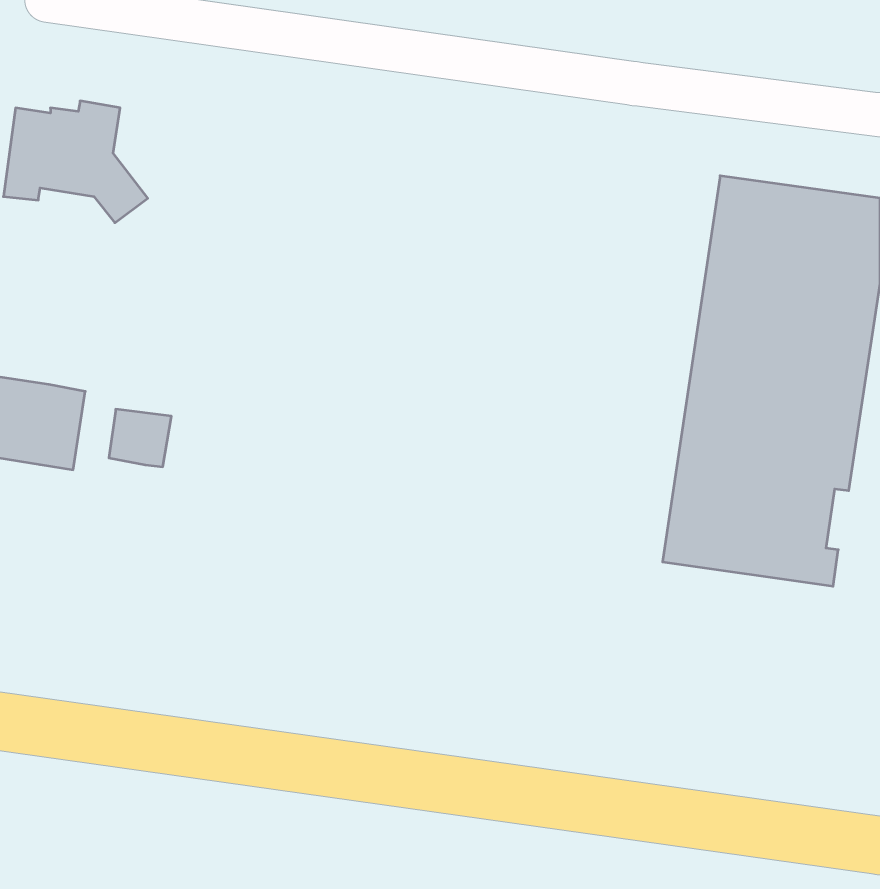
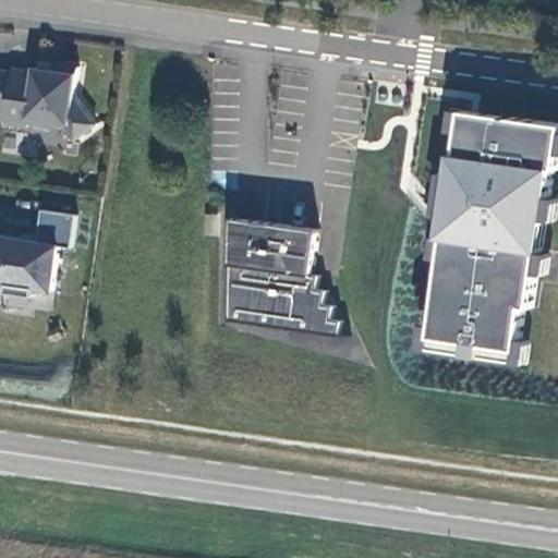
building: none -> [225,218,347,338]
building: [109,409,171,467] -> [31,210,70,246]

